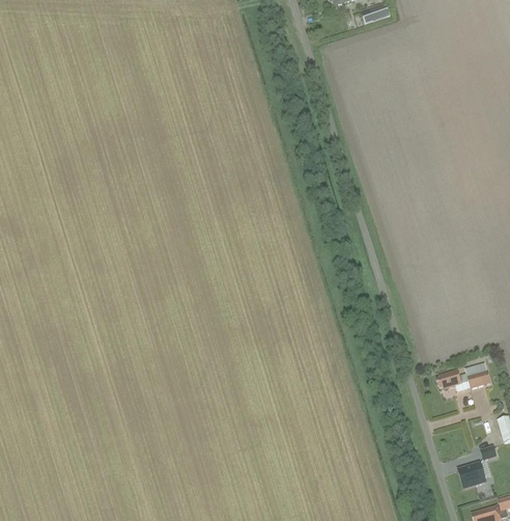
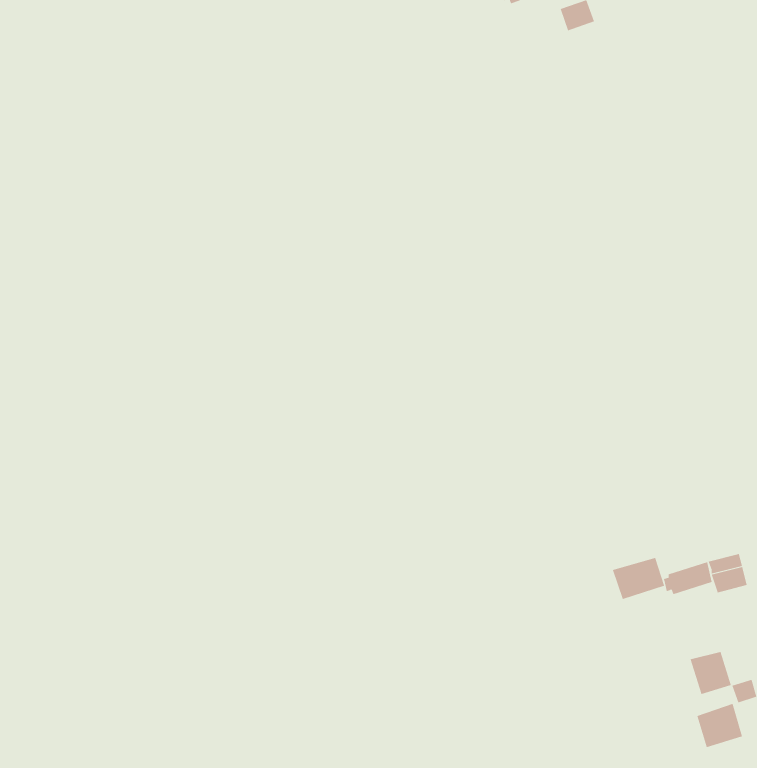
building: none -> [612,557,665,600]
building: none -> [690,651,732,695]

